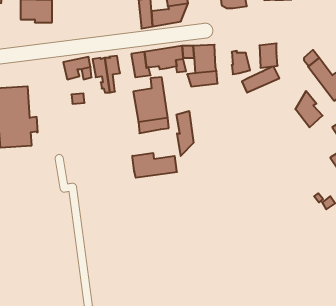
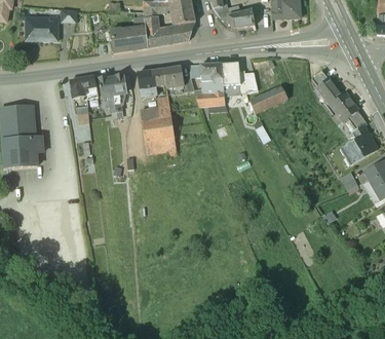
building: none -> [110,28,148,52]
building: [259,43,278,68] -> [222,62,240,86]
building: [295,91,323,127] -> none
building: [176,111,194,156] -> none
building: [132,153,177,178] -> none

